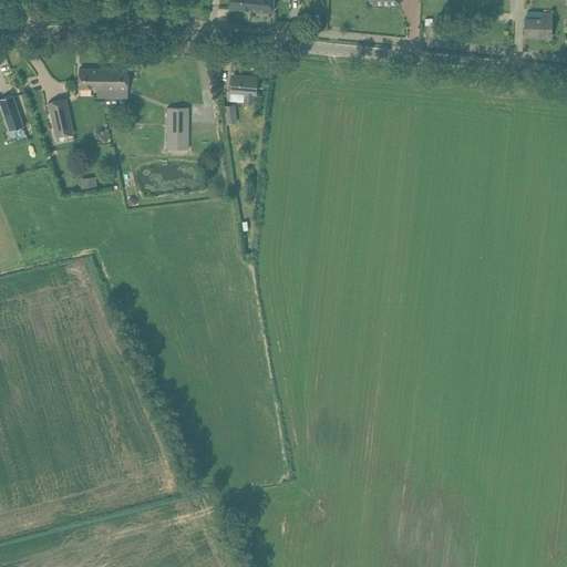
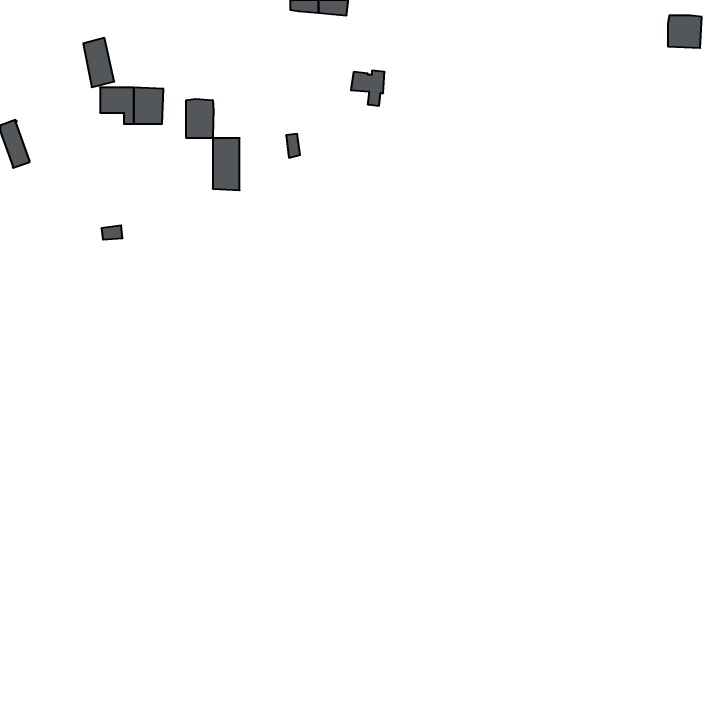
building: [230,76,257,104] -> [351,71,385,106]
building: none -> [186,99,214,138]
building: [49,99,73,137] -> [83,38,114,87]

